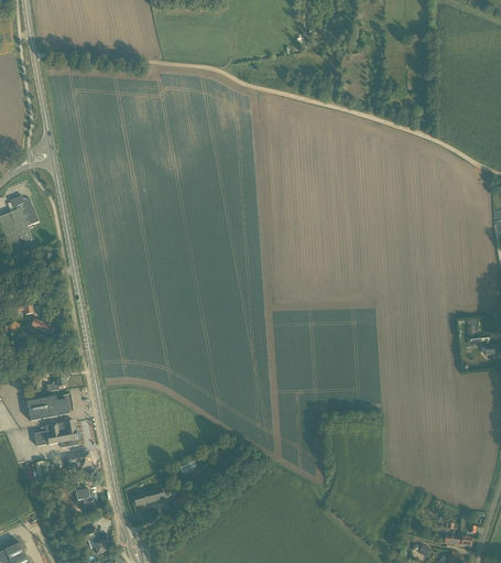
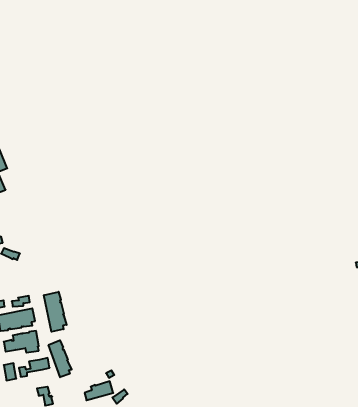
building: none -> [44,292,67,332]
building: none -> [49,340,72,377]

